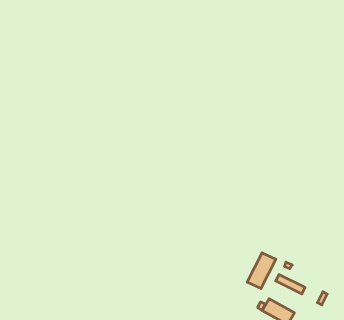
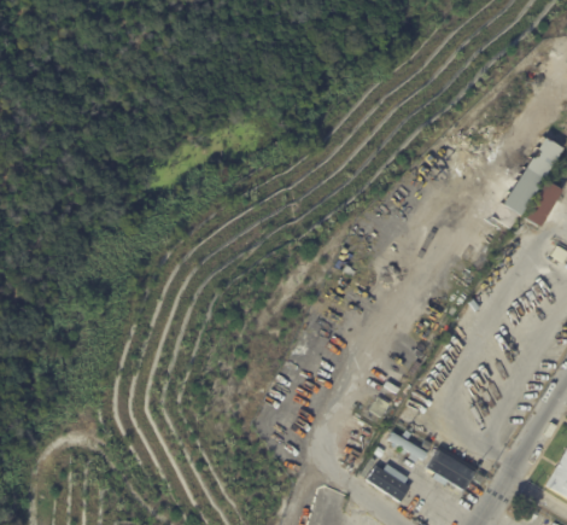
building: [247,253,276,289] -> none

